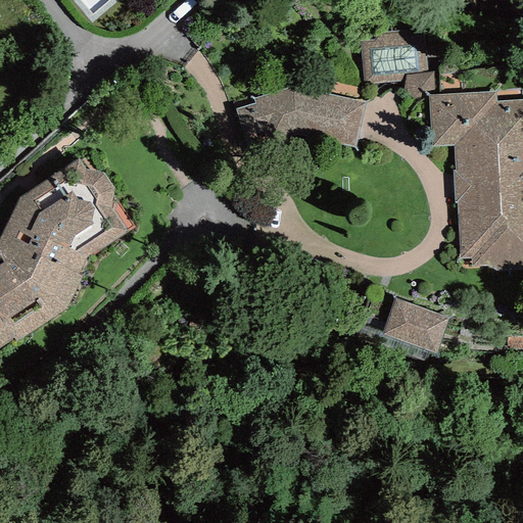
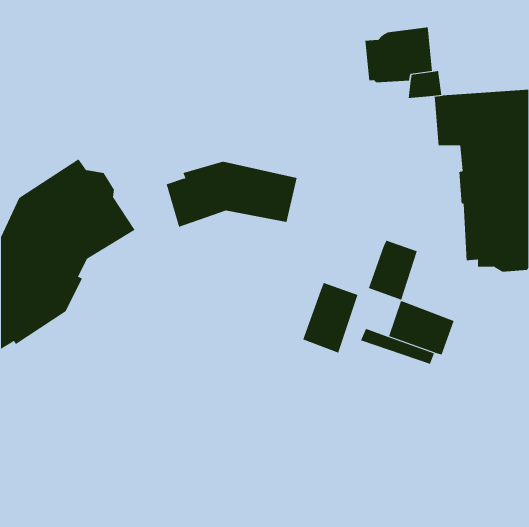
building: [236,85,366,150] -> [166,161,297,228]
building: none -> [368,240,418,301]
building: none -> [302,282,358,353]

